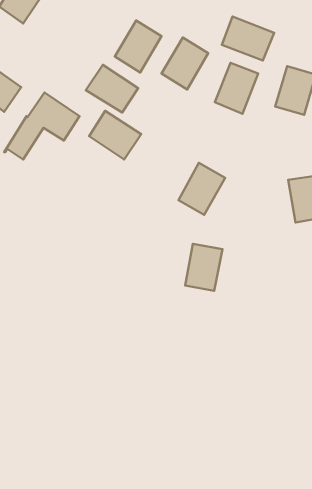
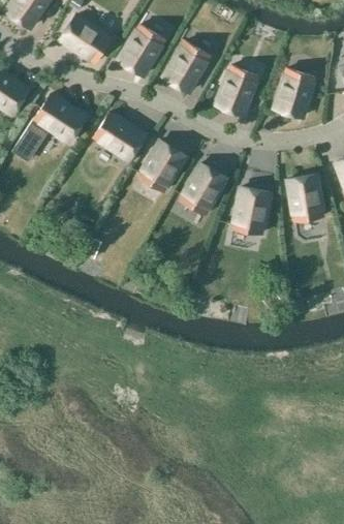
building: [222,16,274,60] -> none
building: [86,65,138,113] -> [60,16,111,62]
building: none -> [139,141,185,191]
building: [185,244,223,291] -> [233,188,270,234]

